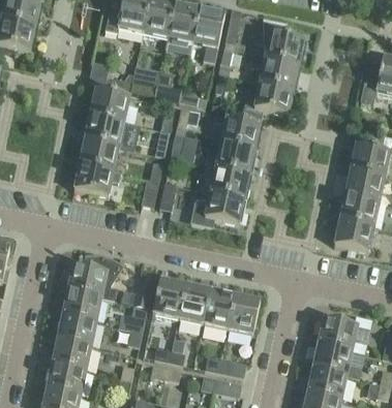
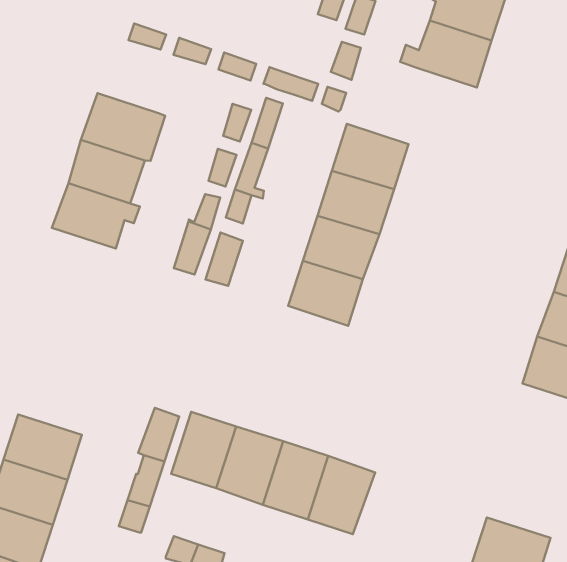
building: [242,82,293,117] -> none
building: [91,89,130,121] -> none
building: [67,254,124,300] -> none

